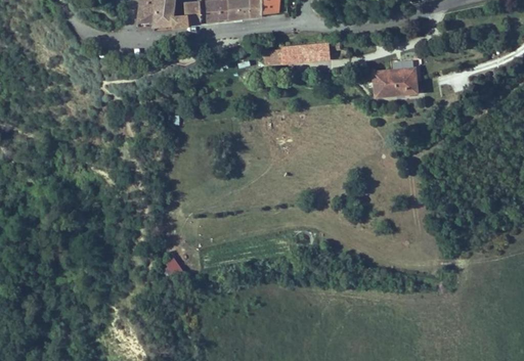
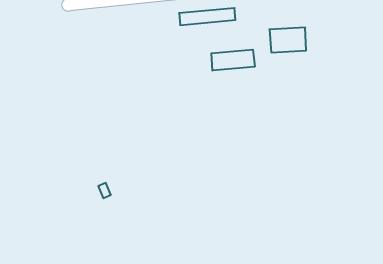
building: none -> [211,50,255,71]

